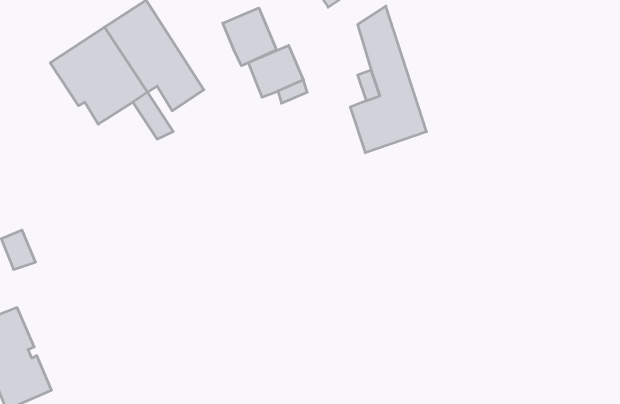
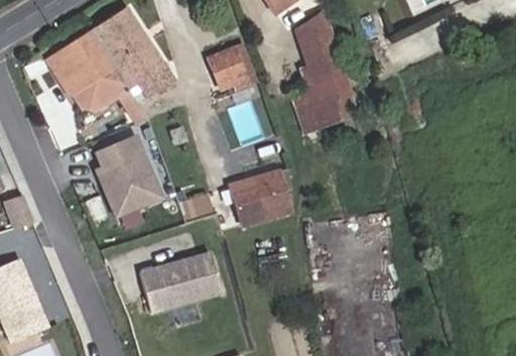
building: [223,8,276,66] -> none
building: none -> [95,133,170,222]
building: none -> [230,170,290,224]
building: none -> [139,252,221,312]

